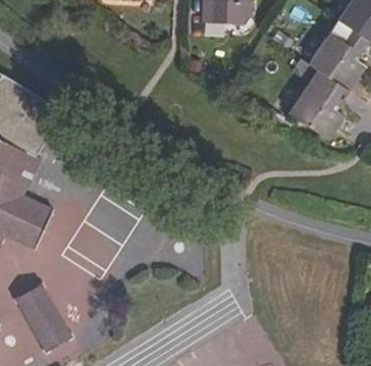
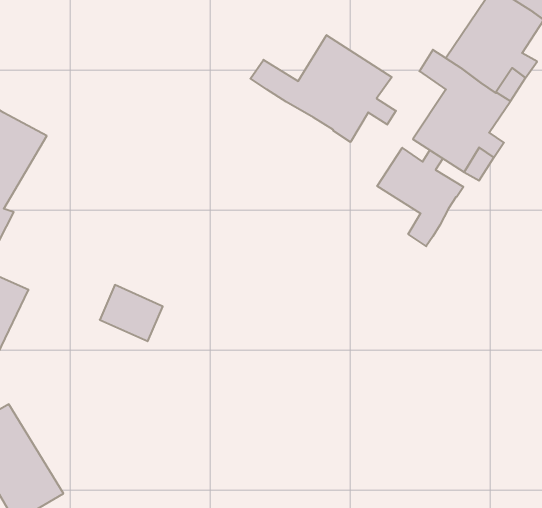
building: none -> [250,35,396,142]
building: none -> [377,148,463,246]

